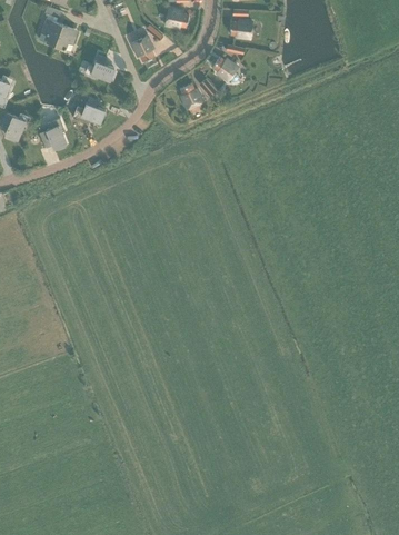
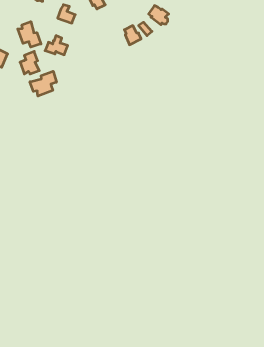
building: none -> [18,22,41,47]
building: none -> [30,71,56,96]

